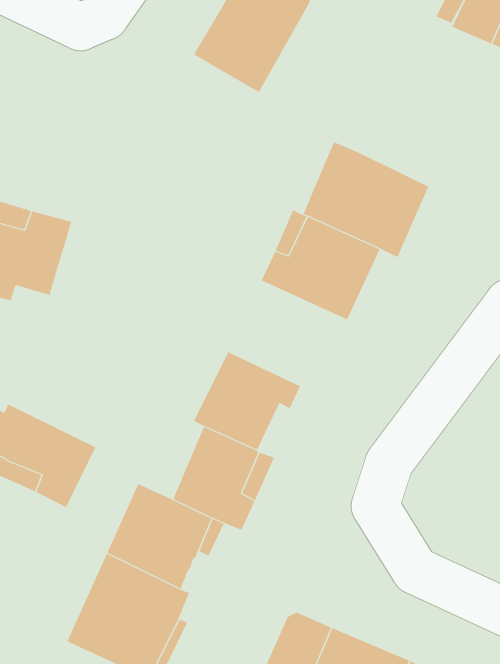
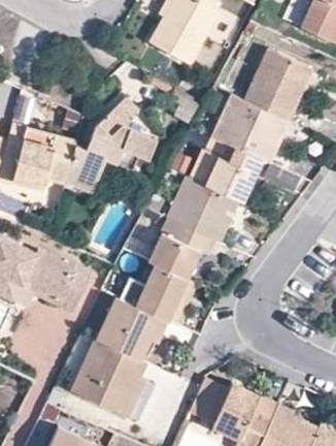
building: none -> [246,49,312,121]
building: none -> [64,97,148,192]
building: none -> [166,176,240,243]

